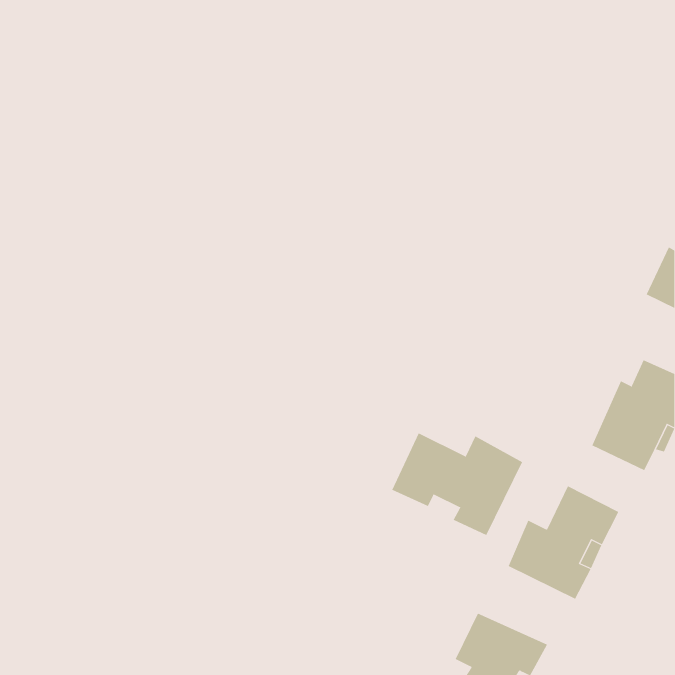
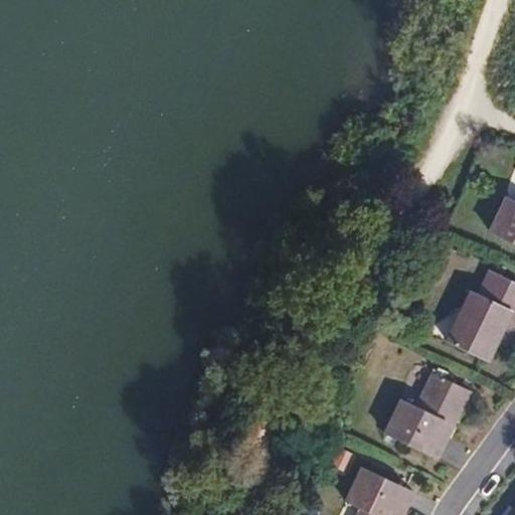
building: [391,433,523,536] -> none

